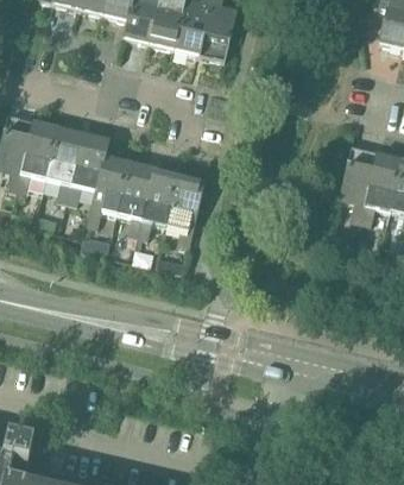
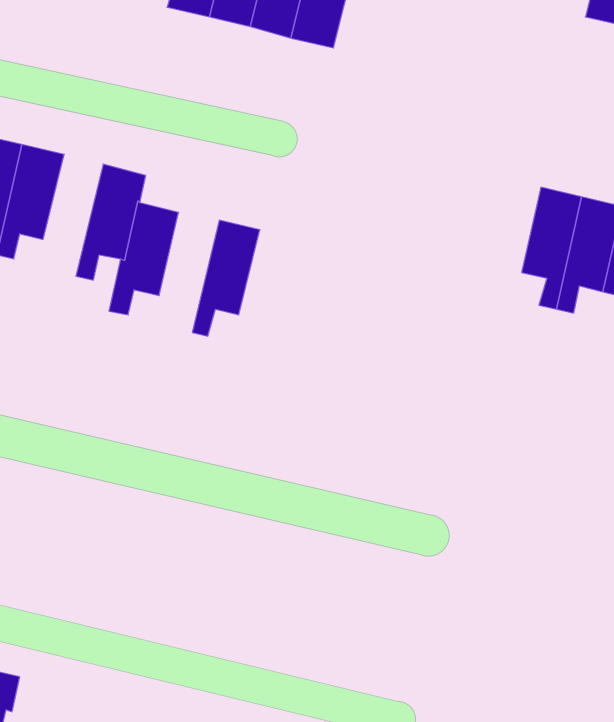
building: [45,125,82,200] -> none
building: [116,160,153,234] -> none
building: [165,171,204,246] -> none

